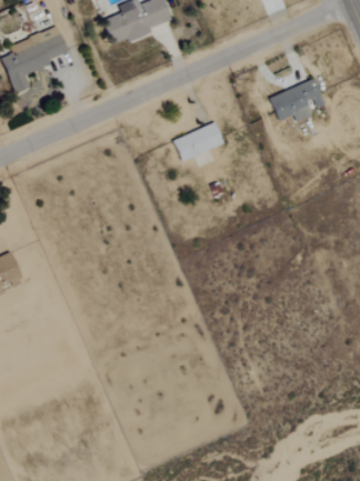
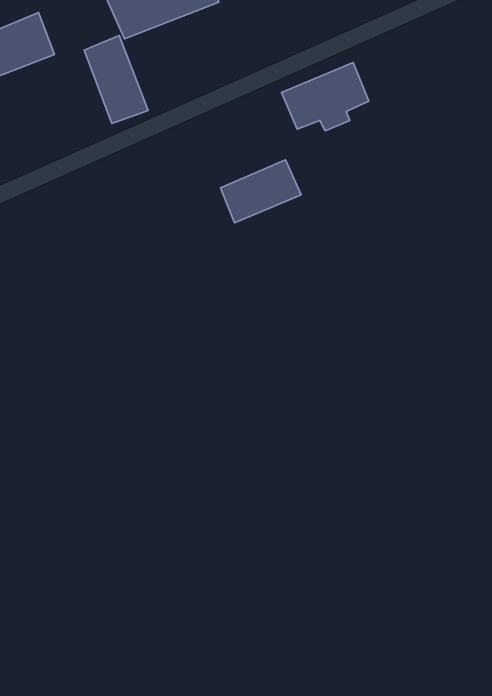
building: none -> [84,36,148,124]
building: [269,79,324,122] -> [281,63,369,131]

